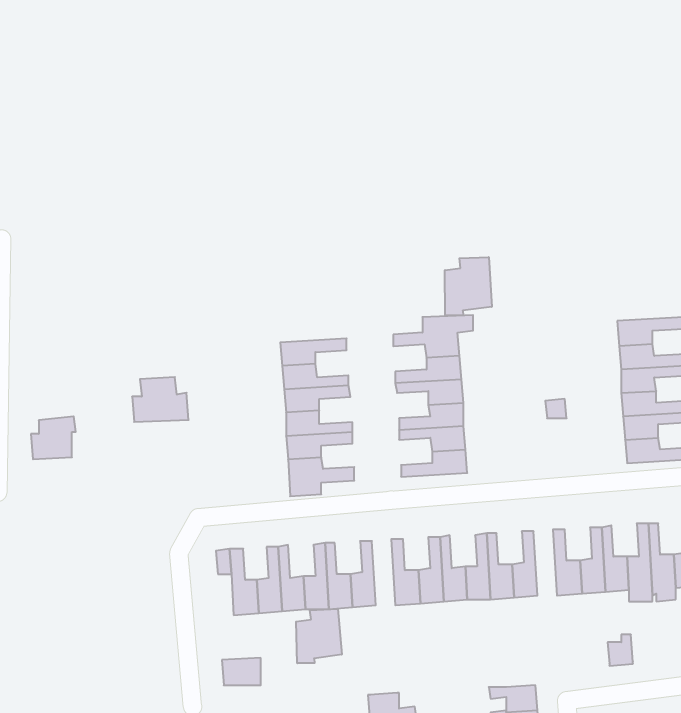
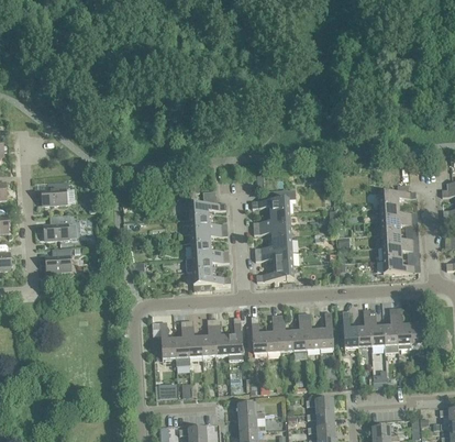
building: [445,257,492,315] -> none
building: none -> [43,180,68,203]
building: [132,377,189,422] -> [45,213,77,239]
building: [296,609,342,663] -> none

